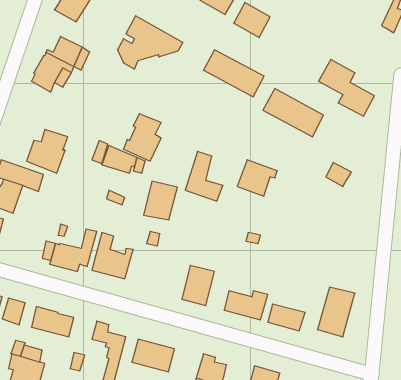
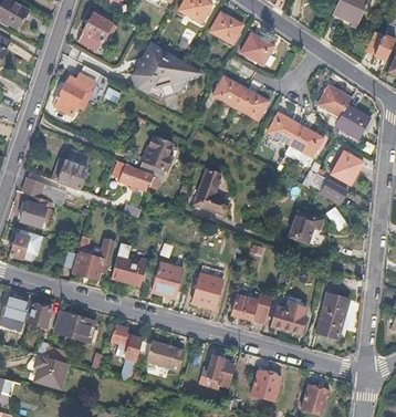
building: none -> [331,150,363,184]
building: [237,160,277,196] -> [289,211,325,244]
building: [144,181,177,220] -> [152,262,183,298]

